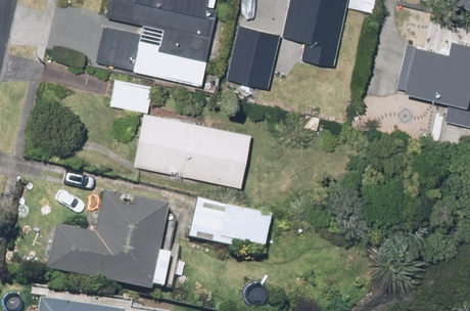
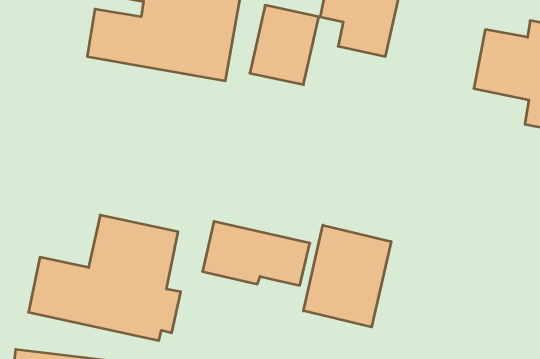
building: [109,78,251,187] -> none
building: none -> [303,225,391,327]

